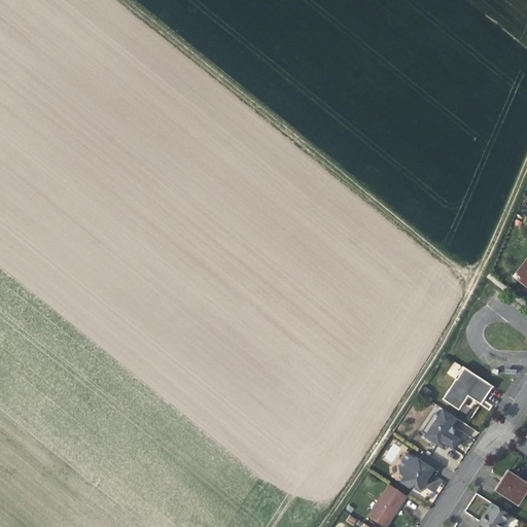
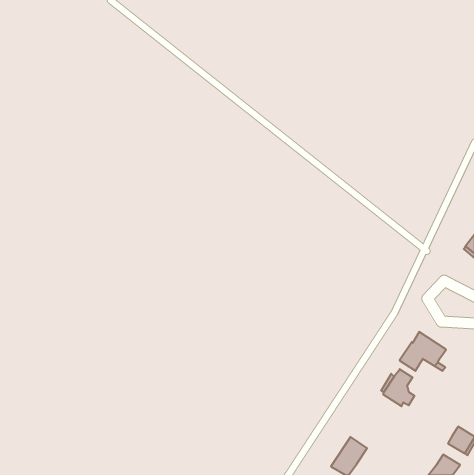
building: [399,452,444,490] -> none

